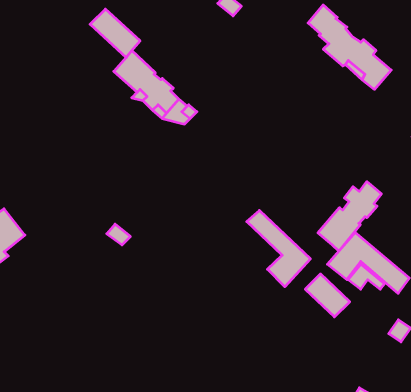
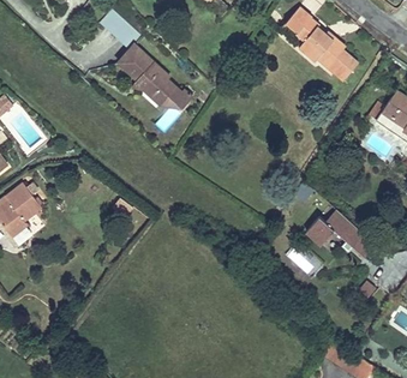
building: [318,182,381,251] -> none
building: [247,210,310,287] -> none

